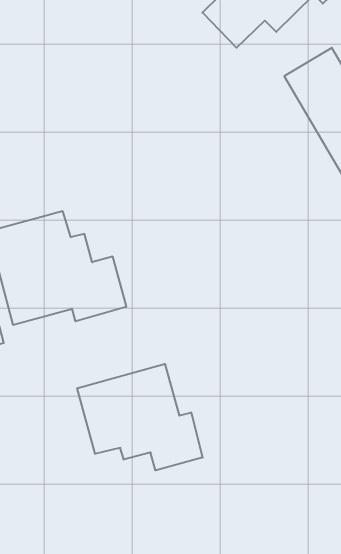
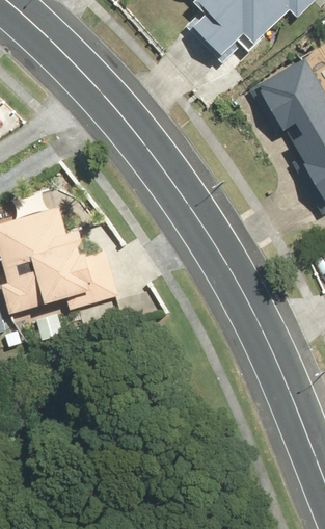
building: [77,364,203,470] -> none

